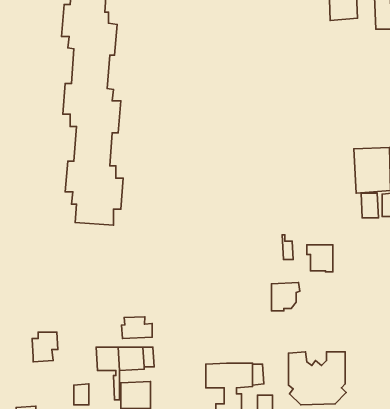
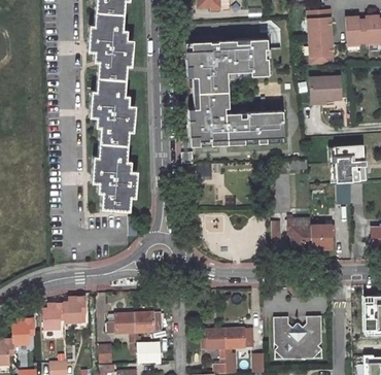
building: none -> [311,37,335,66]
building: none -> [186,39,285,146]
building: none -> [312,76,344,99]
building: [271,283,300,311] -> [313,226,337,249]
building: [121,317,152,339] -> none
building: none -> [41,306,63,331]

